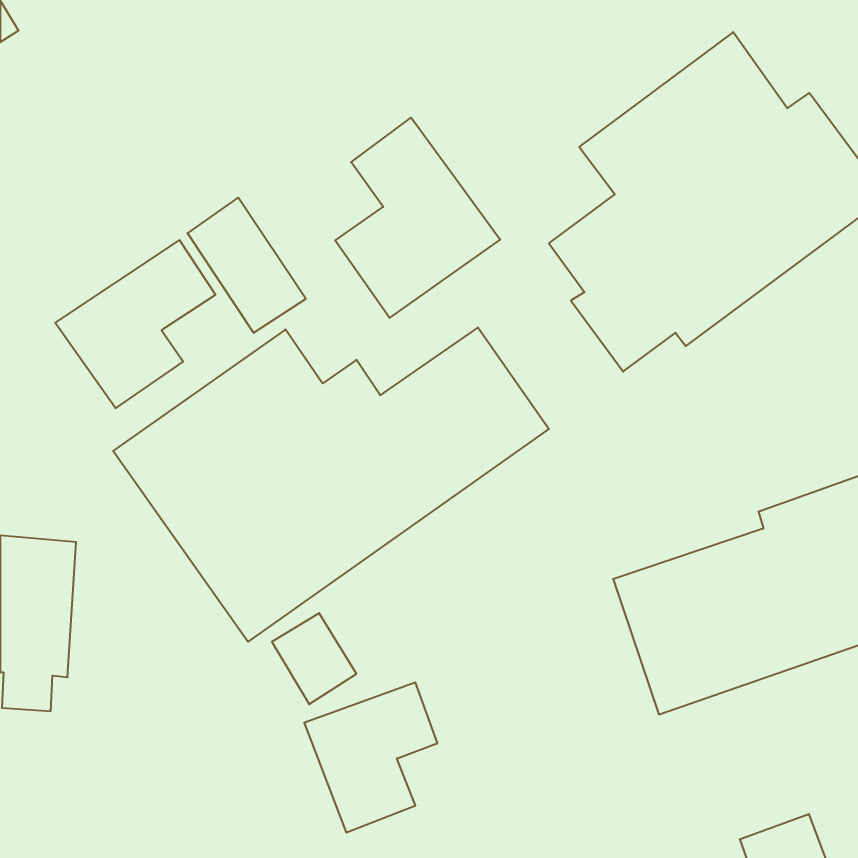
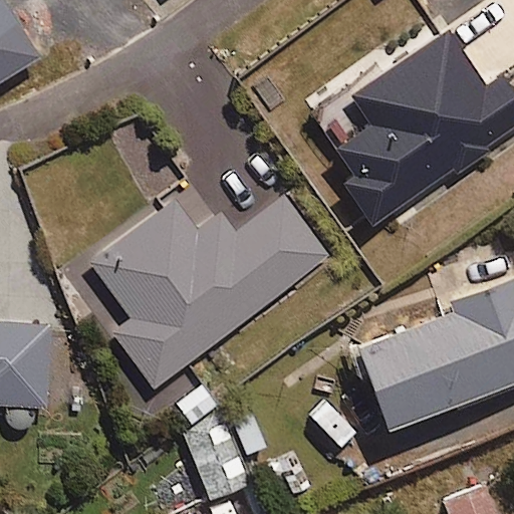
building: [335,118,500,318] -> none
building: [55,240,215,408] -> none

